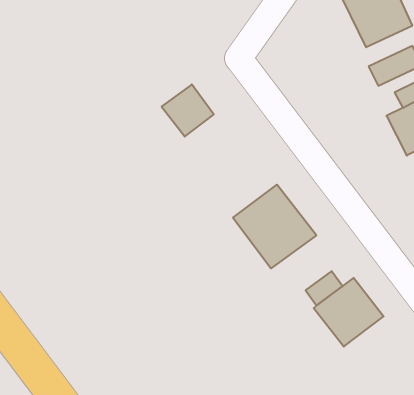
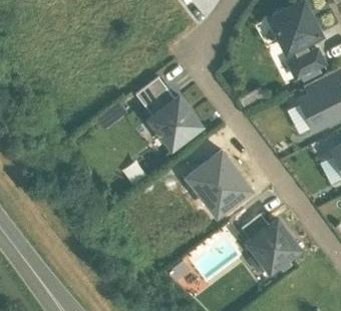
building: none -> [149,97,201,147]

